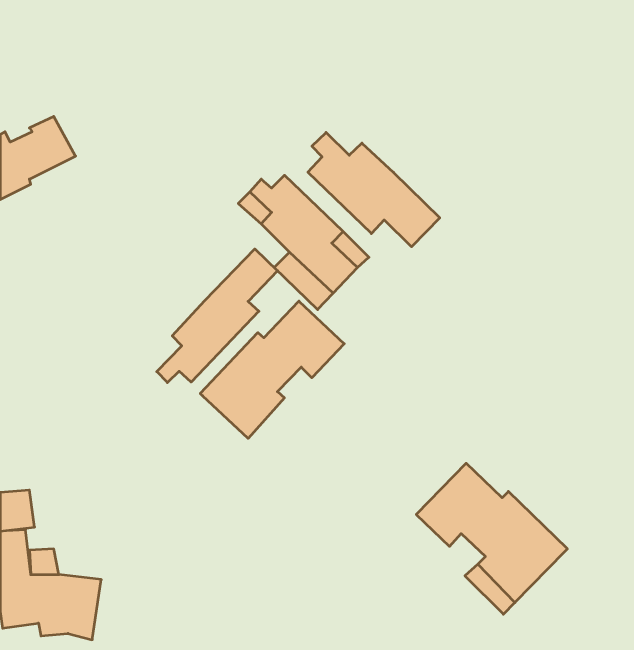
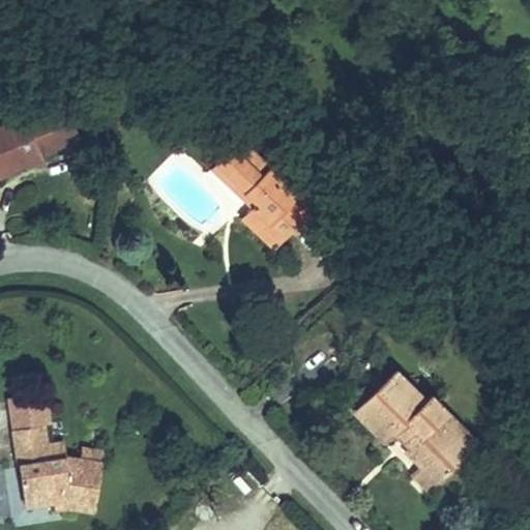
building: [308,132,440,247] -> none
building: [157,249,278,383] -> none
building: [200,301,344,438] -> none

